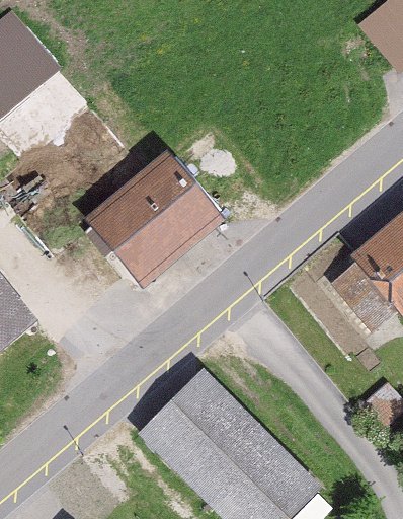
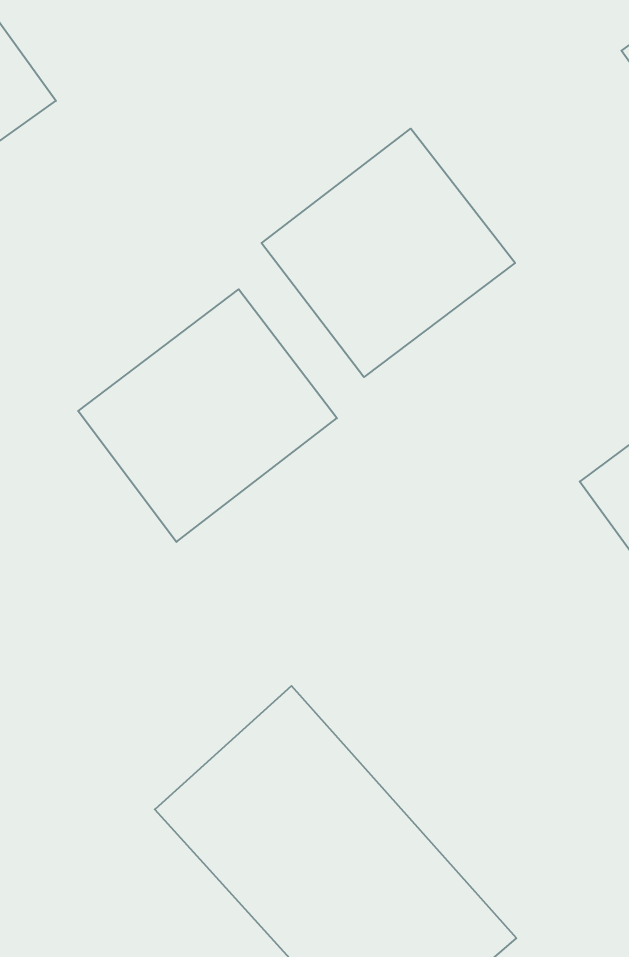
building: none -> [262,129,515,377]

